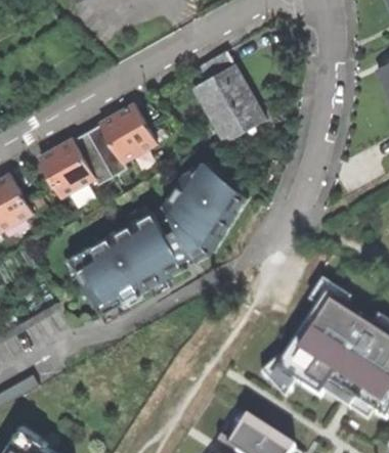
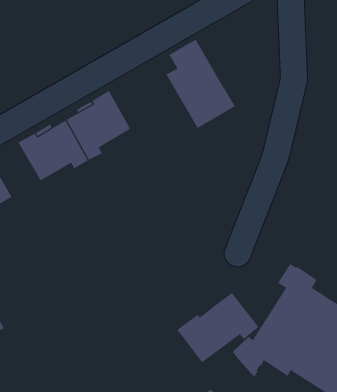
building: [73,161,252,314] -> none
building: none -> [176,292,259,363]

